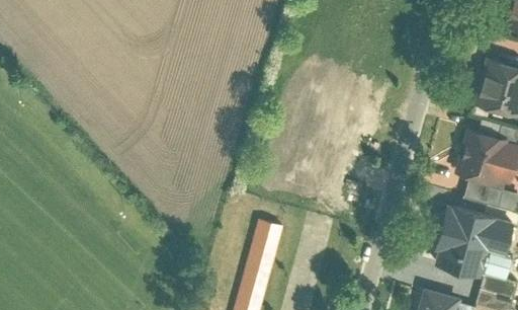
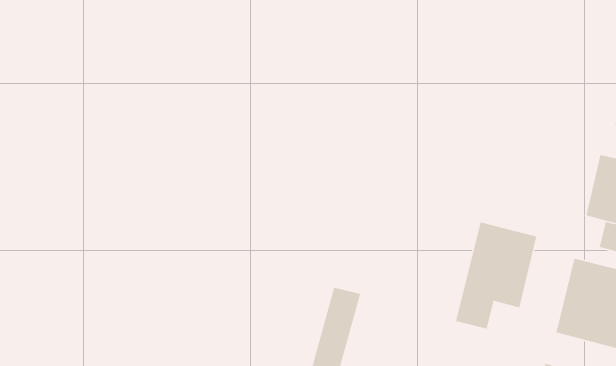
building: none -> [455,222,537,329]

